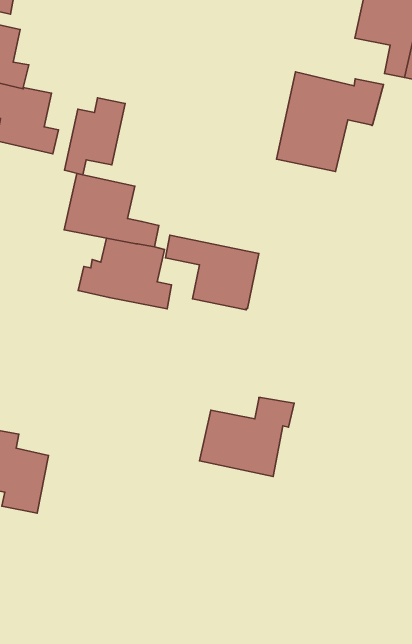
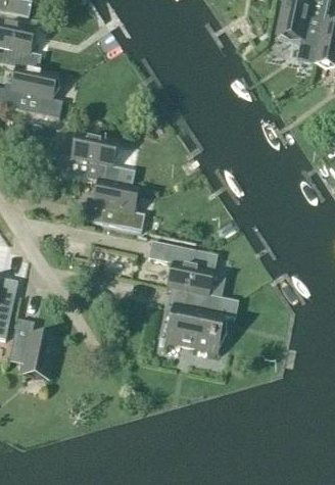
building: [276,72,383,171] -> none
building: [64,98,125,175] -> none
building: [166,235,259,310] -> [149,241,217,295]

